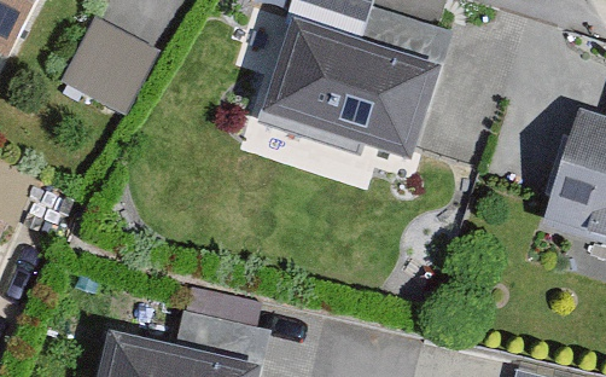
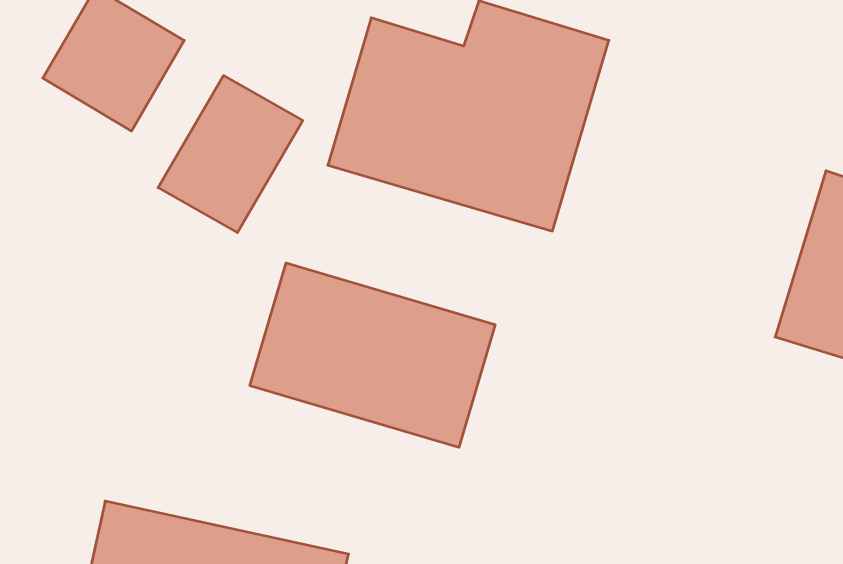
building: none -> [158,76,303,233]
building: none -> [250,263,495,447]

